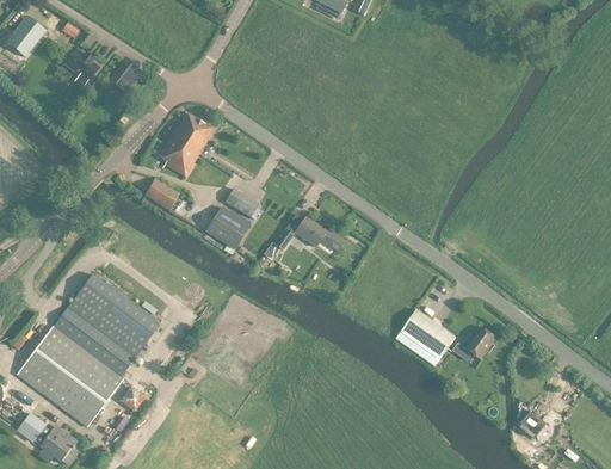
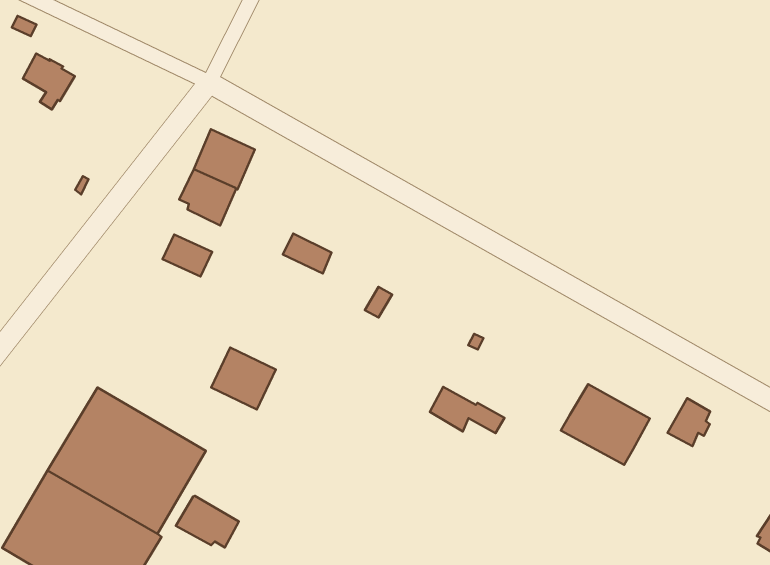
building: [111,61,142,93] -> none
building: [205,206,249,249] -> [211,348,276,409]
building: [295,216,344,251] -> [430,387,504,433]
building: none -> [176,496,239,547]

